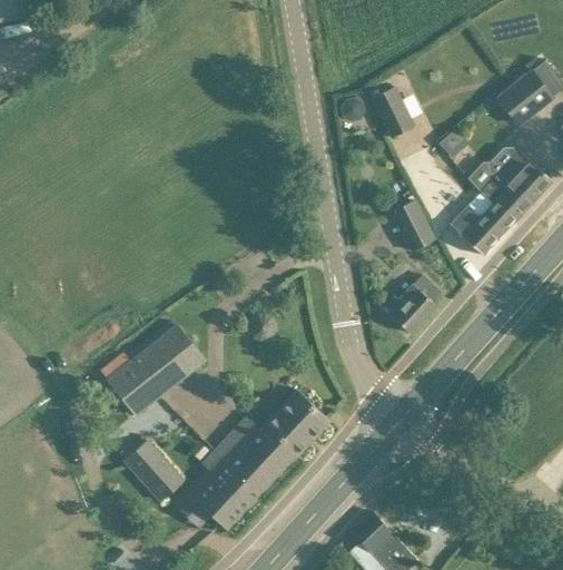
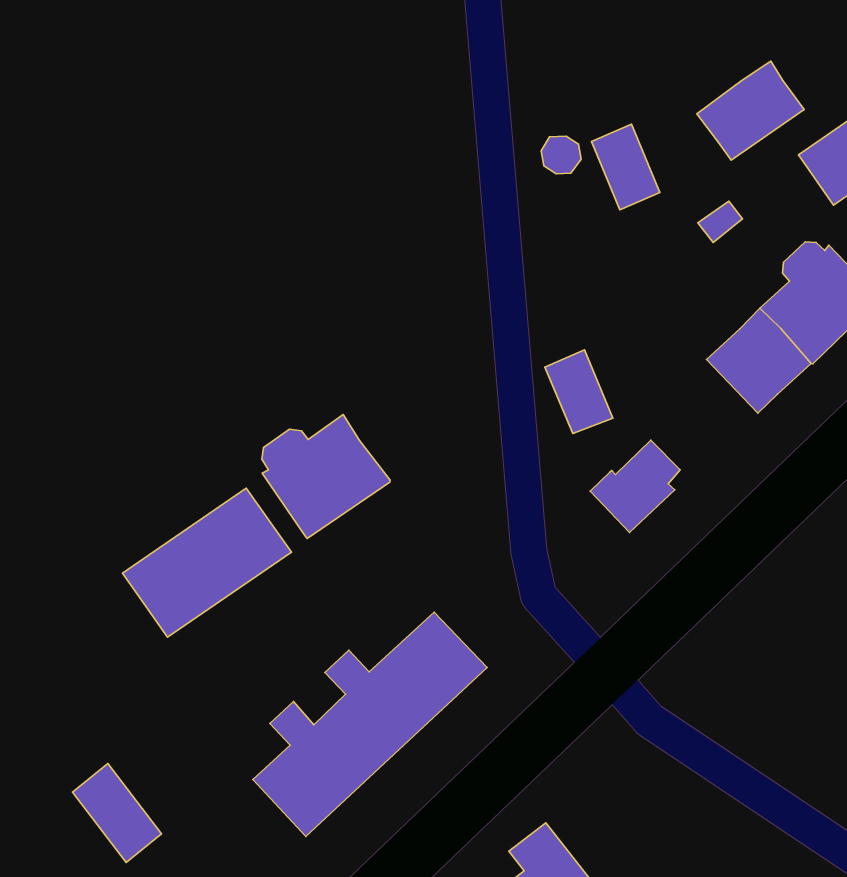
building: none -> [697,61,804,160]
building: [391,198,434,249] -> [545,350,613,434]
building: none -> [262,414,390,539]
building: [126,440,181,499] -> [72,764,162,862]

